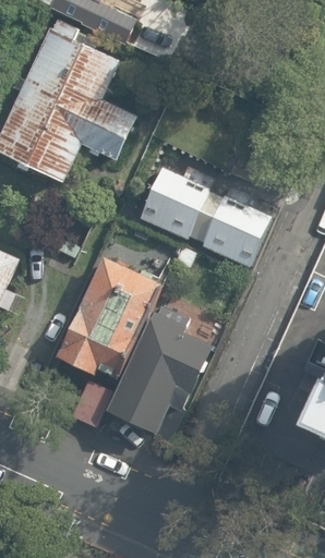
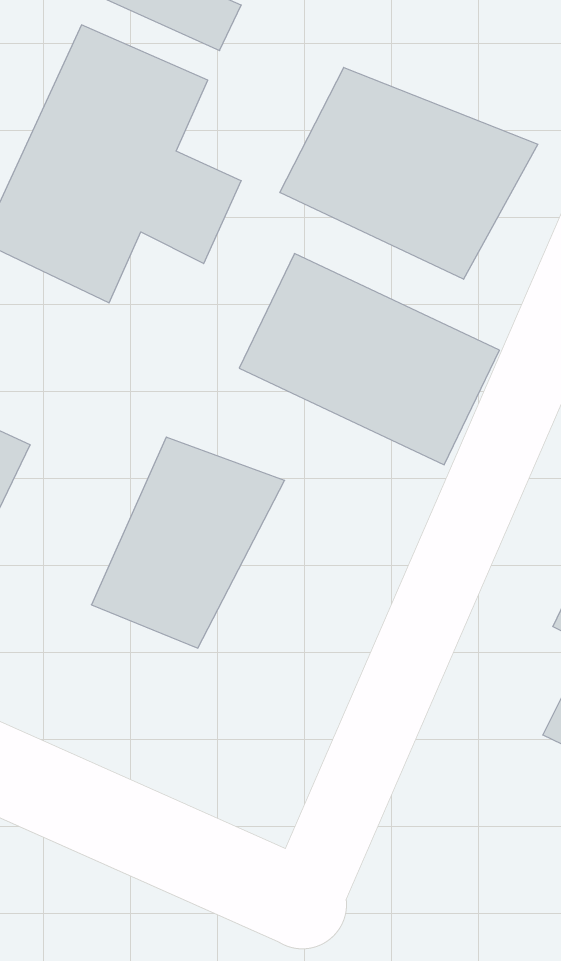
building: none -> [280,67,538,279]
building: [108,307,217,447] -> none

